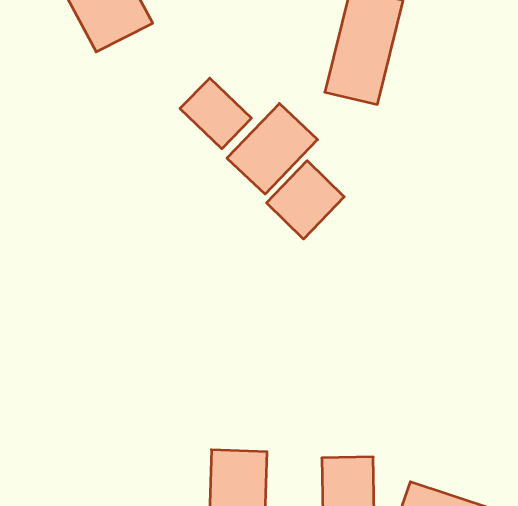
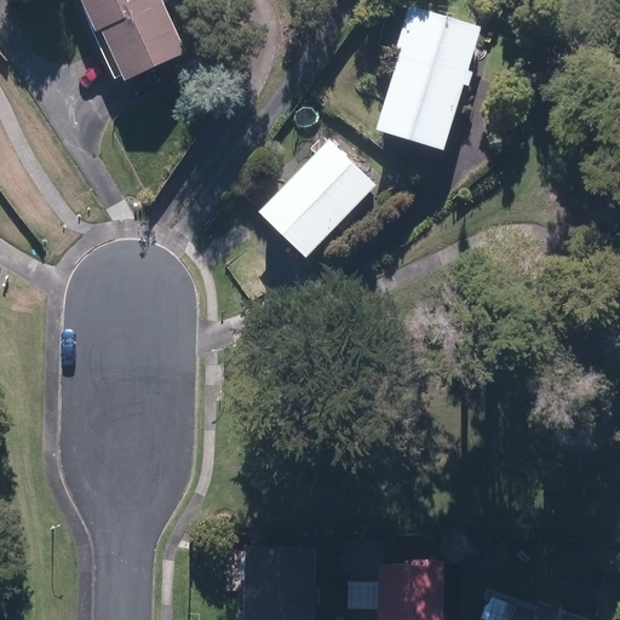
building: [180,78,251,149] -> none
building: [267,161,344,239] -> none

